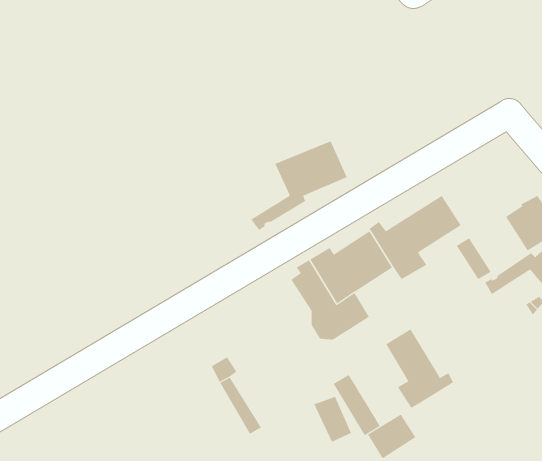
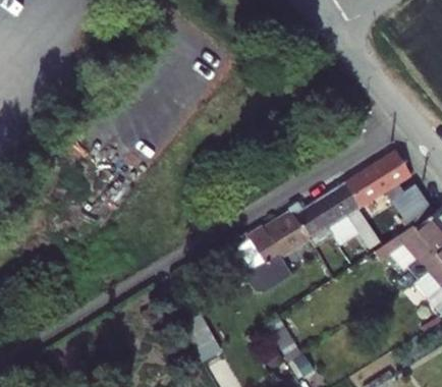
building: [251,140,347,231] -> none
building: none -> [344,151,410,206]
building: [385,329,454,408] -> none

